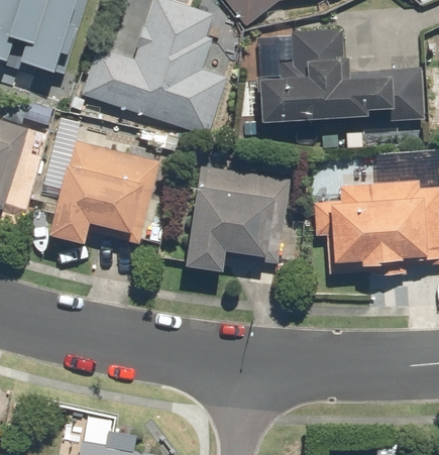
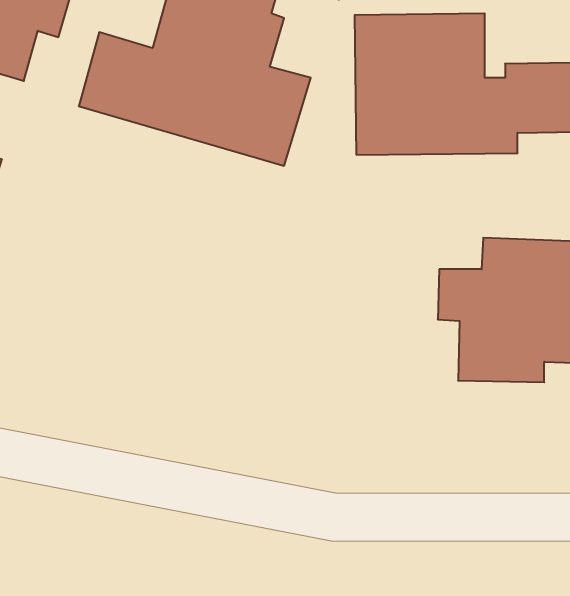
building: [45,140,166,247] -> none
building: [185,158,291,271] -> none

